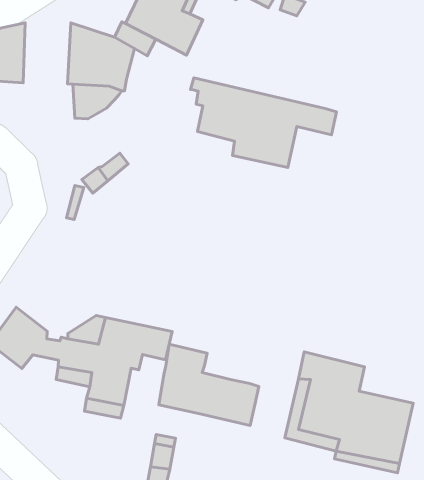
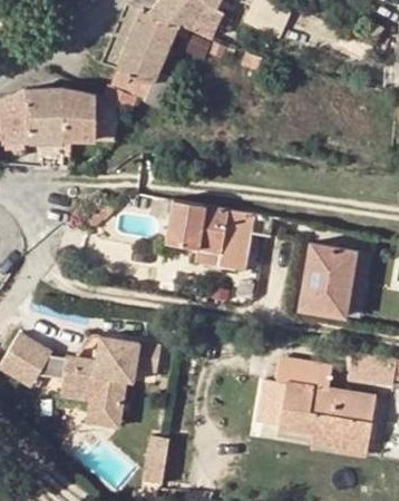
building: none -> [26,87,65,140]
building: [191,78,337,168] -> [157,196,283,268]
building: none -> [296,243,357,315]
building: [159,344,259,426] -> none

